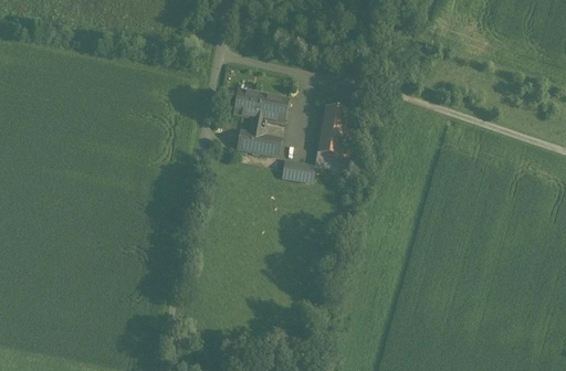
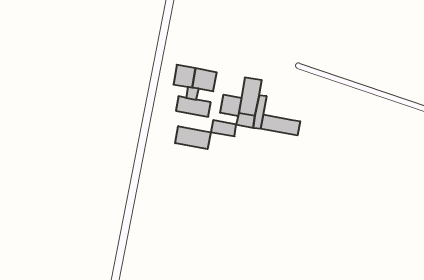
building: none -> [220,95,241,116]
building: none -> [261,114,300,135]
building: none -> [175,126,211,149]

